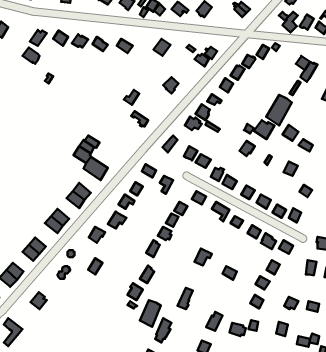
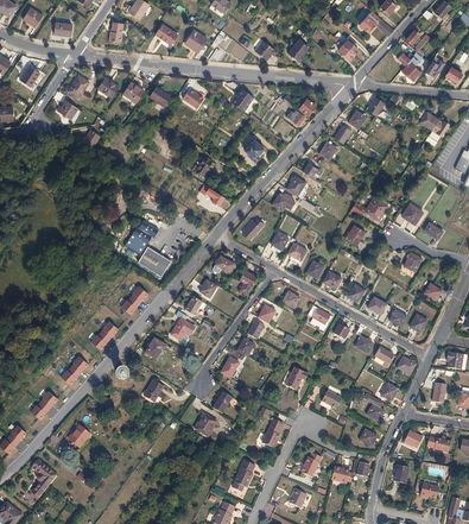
building: [266,95,292,126] -> none
building: [140,300,161,327] -> none

